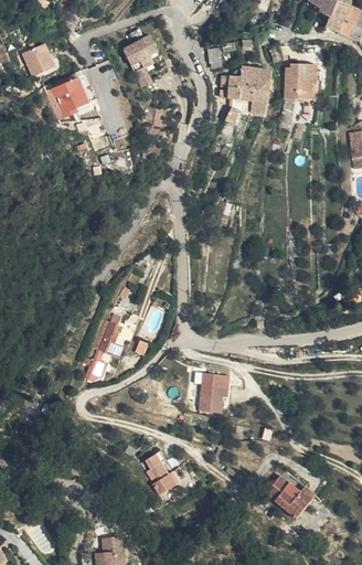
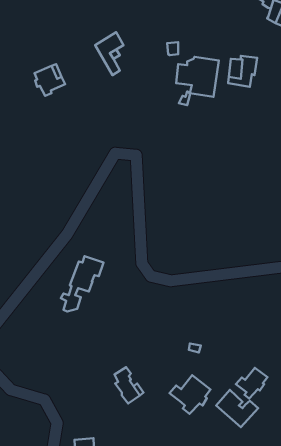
building: [19,43,54,77] -> none
building: [199,372,232,411] -> none
building: none -> [236,368,268,398]
building: none -> [169,375,211,414]

